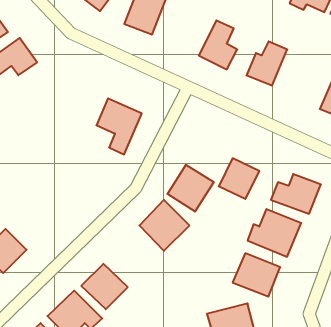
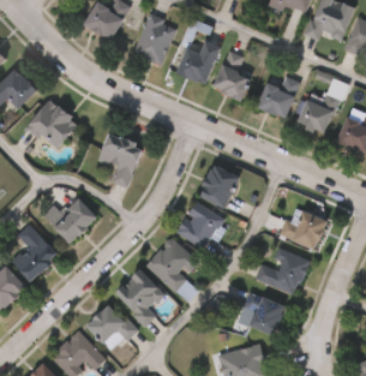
building: none -> [179,36,216,83]
building: none -> [293,91,338,136]
building: none -> [30,97,84,150]
building: [219,158,259,199] -> [199,163,241,205]
building: none -> [46,198,103,245]
building: none -> [14,222,62,282]
building: none -> [115,268,164,323]

